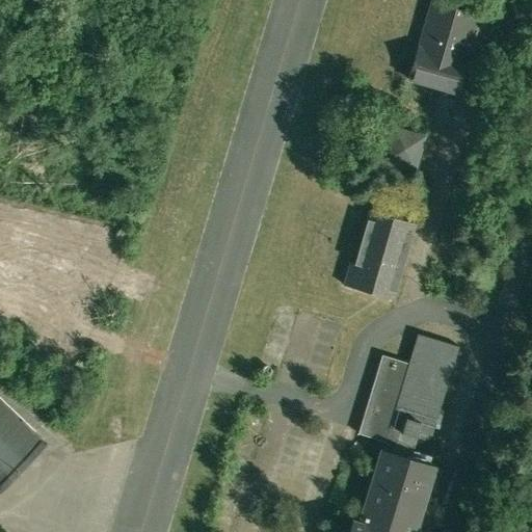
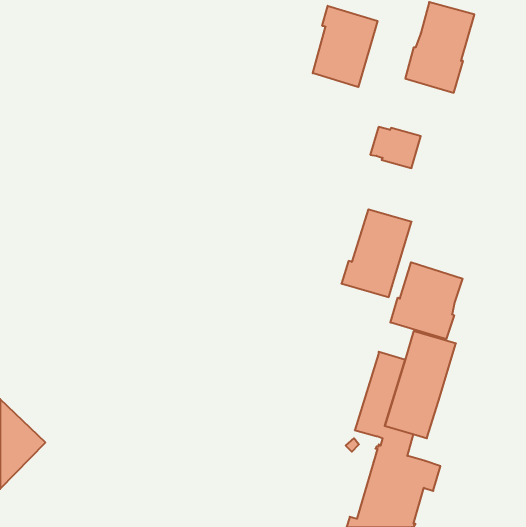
building: none -> [313,6,378,87]
building: none -> [390,262,463,339]

